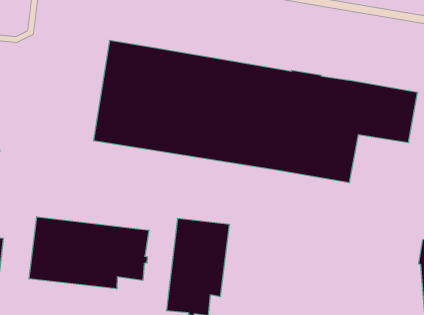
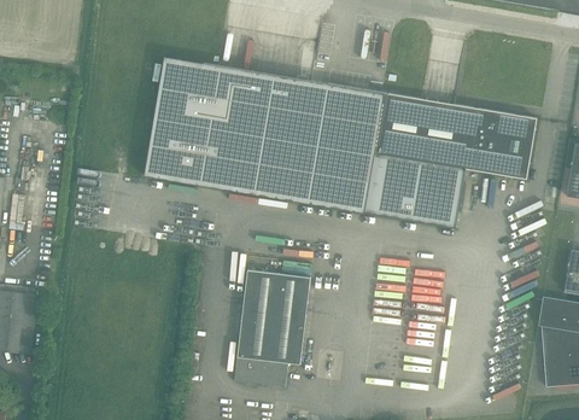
building: [29,217,149,289] -> none

